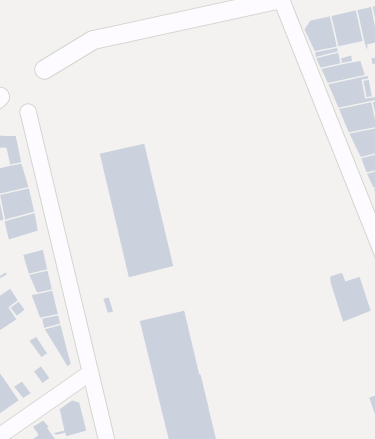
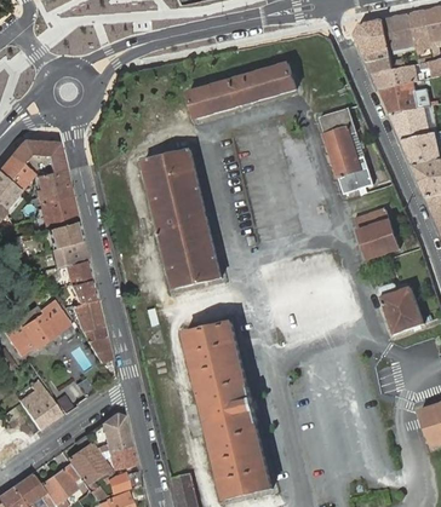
building: none -> [190,63,303,121]
building: none -> [320,108,374,195]
building: none -> [354,208,400,260]
building: none -> [50,241,86,266]

